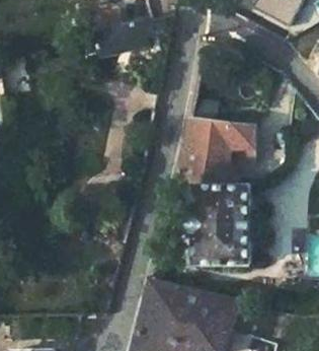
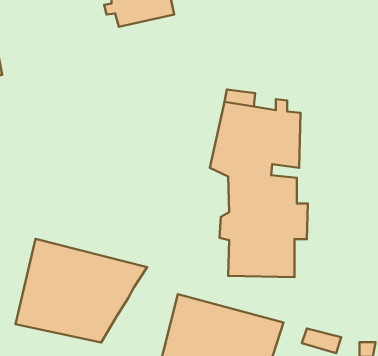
building: none -> [16,239,147,342]

